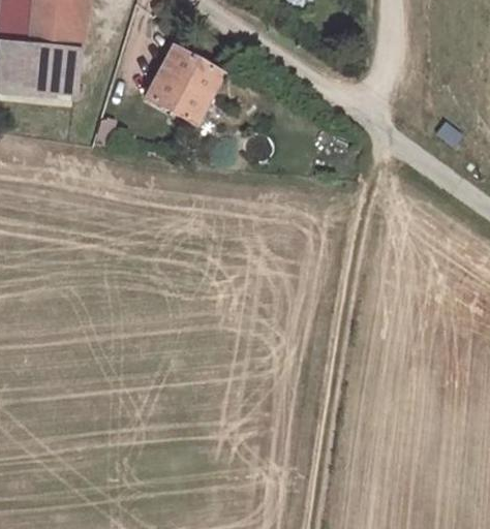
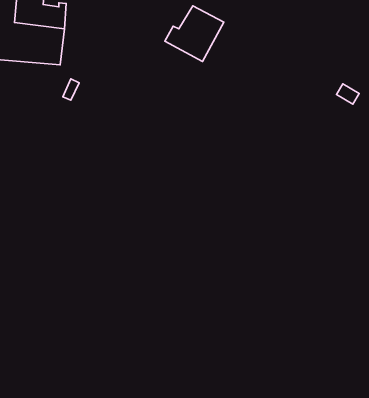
building: [146,53,220,123] -> [165,6,224,61]

